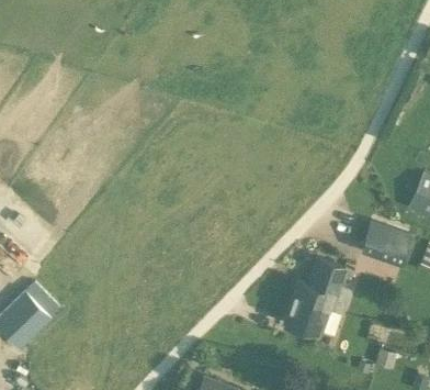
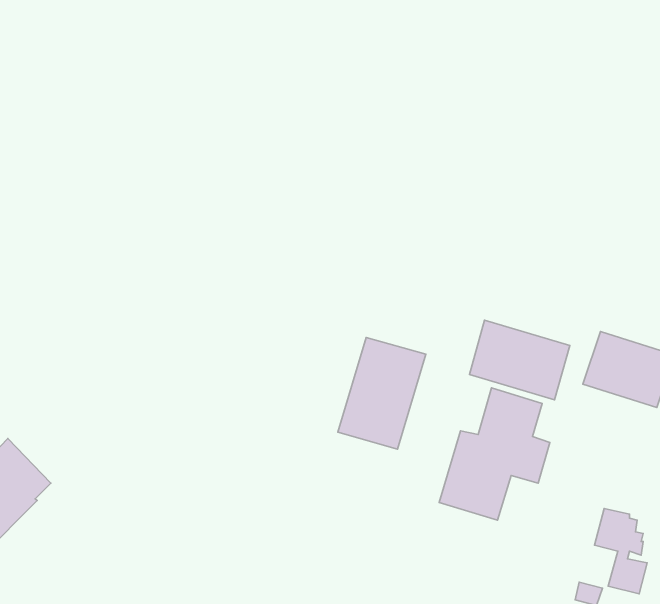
building: none -> [469,320,570,400]
building: none -> [338,337,426,449]

